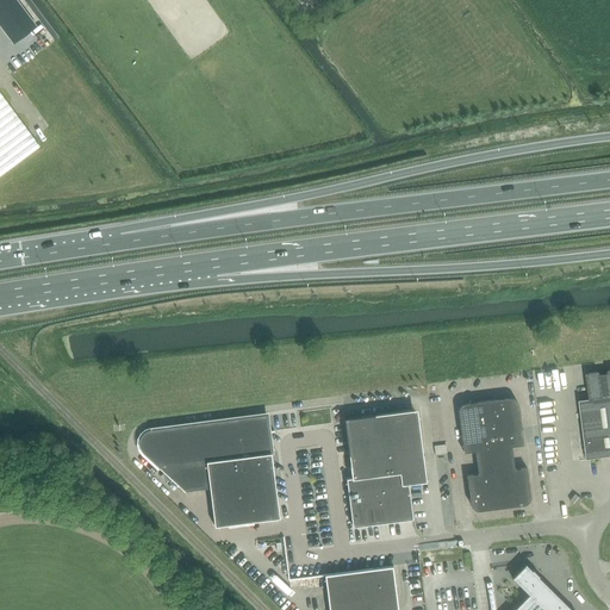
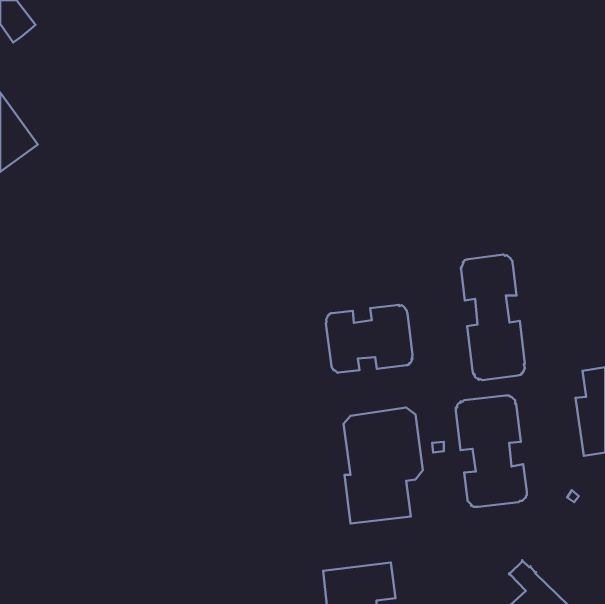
building: none -> [461,255,525,380]
building: none -> [326,305,413,373]
building: [139,416,280,528] -> none

